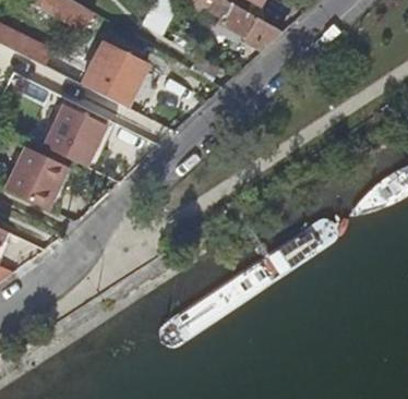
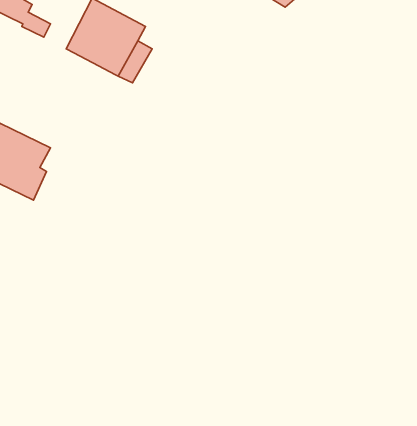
building: [41,102,115,166] -> none

